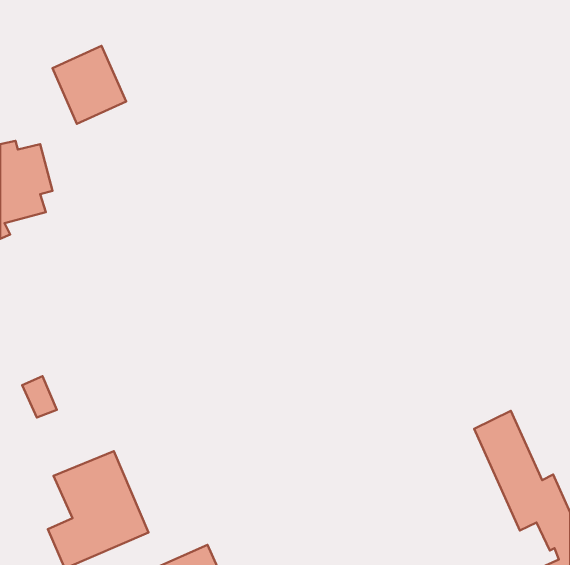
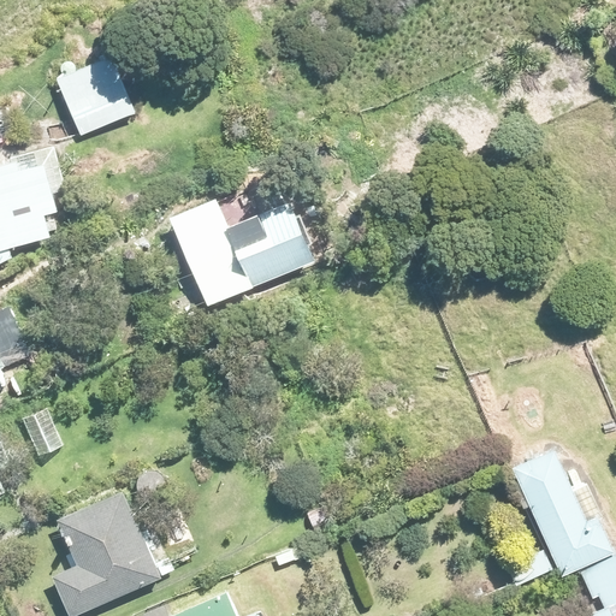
building: none -> [171,199,312,303]

